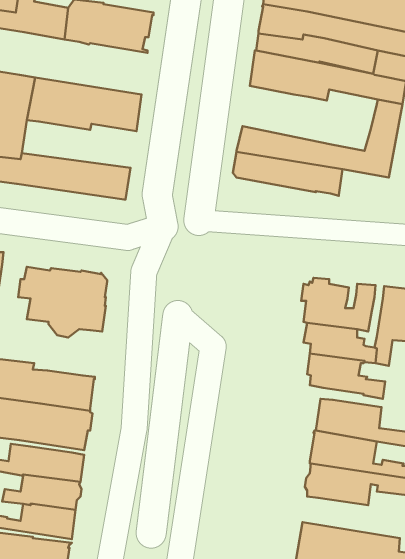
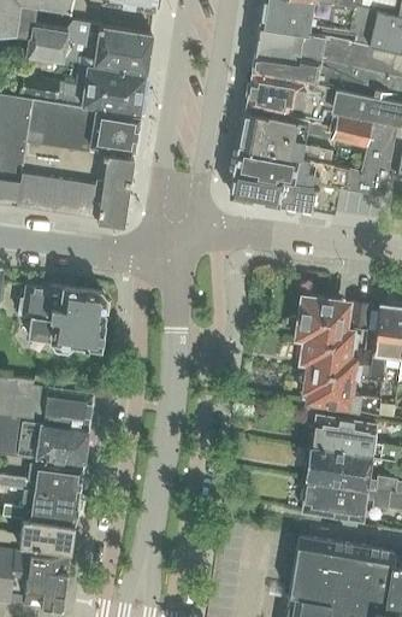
building: none -> [19,63,146,114]
building: none -> [238,110,330,164]
building: none -> [331,116,372,148]
building: none -> [22,140,132,187]

